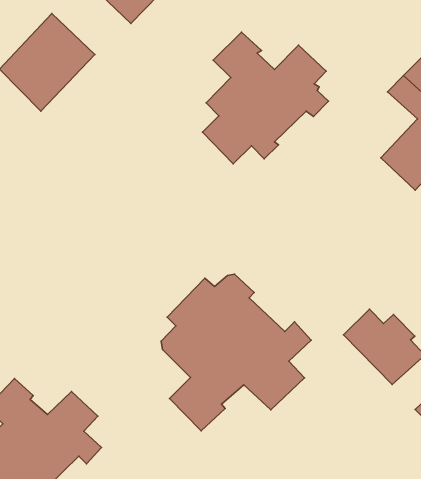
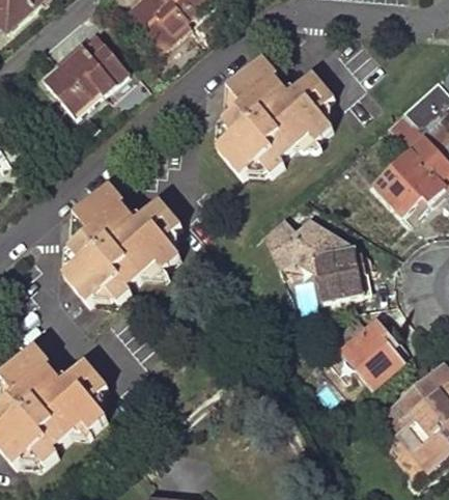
building: none -> [68,192,181,310]
building: none -> [263,218,372,300]
building: [161,274,311,431] -> none

